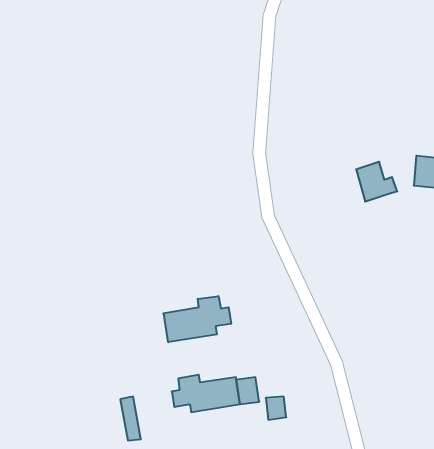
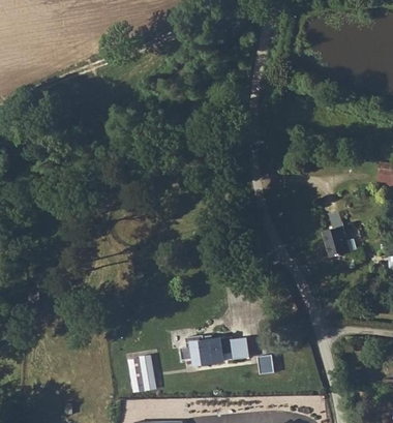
building: [356,162,397,202] -> [325,224,358,256]
building: [163,296,231,342] -> none

